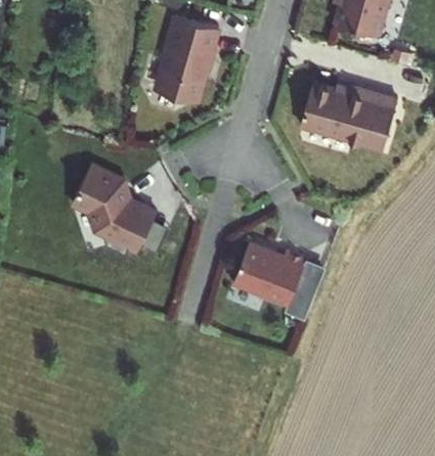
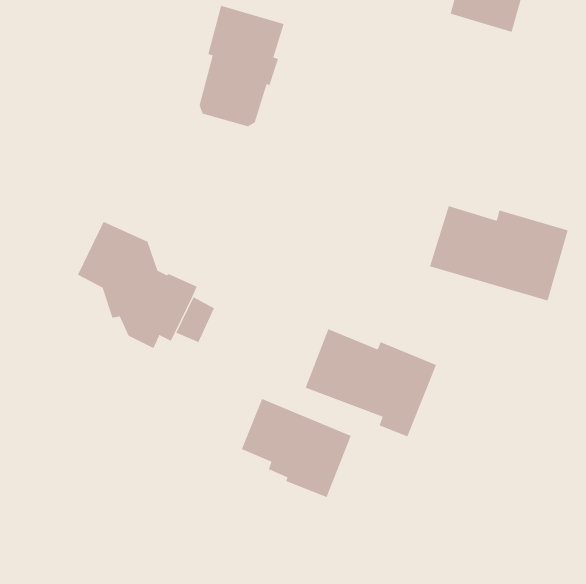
building: [301,83,399,150] -> [429,206,569,301]
building: none -> [241,398,351,498]

